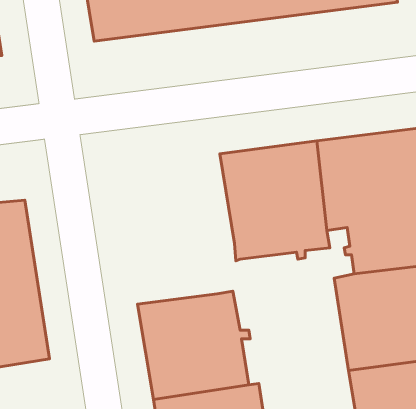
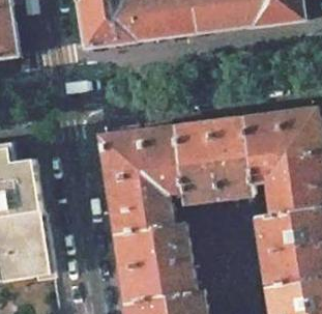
building: none -> [99,126,183,234]

